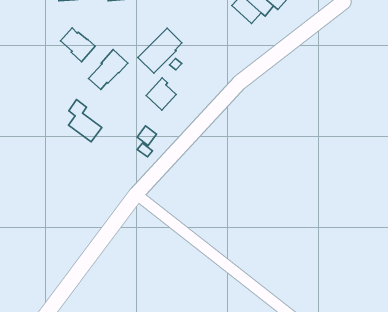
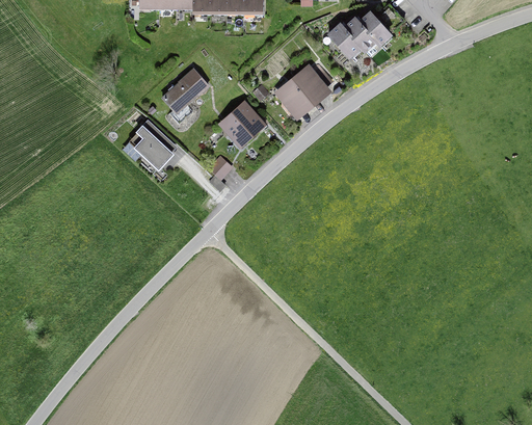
building: [60,28,95,62] -> none
building: [138,28,182,73] -> [281,63,330,111]

